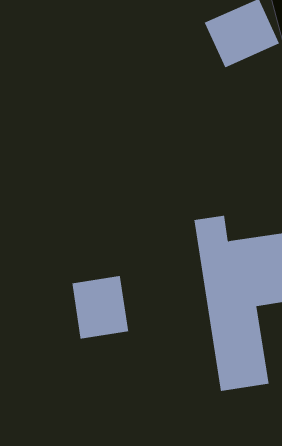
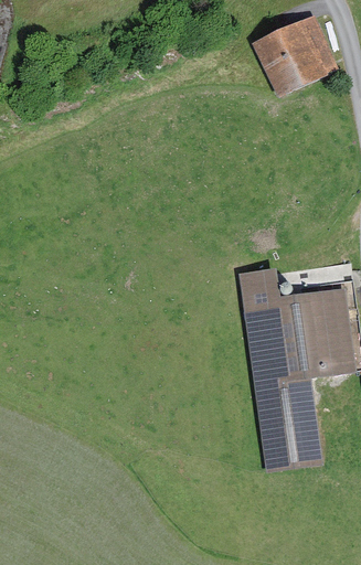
building: [72,275,129,340] -> none

